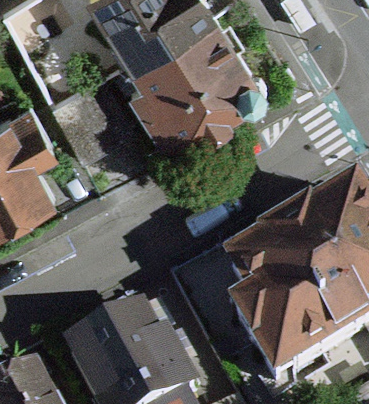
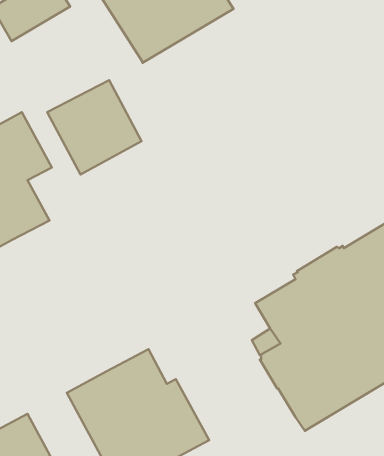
building: [129,9,262,140] -> none

